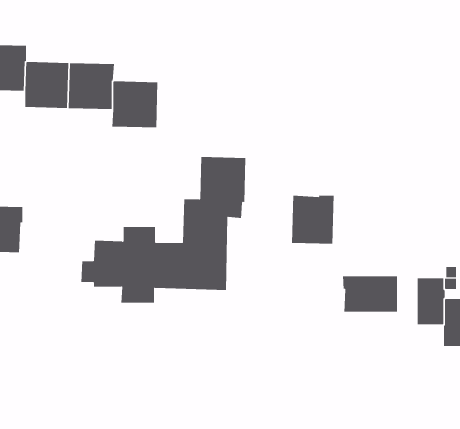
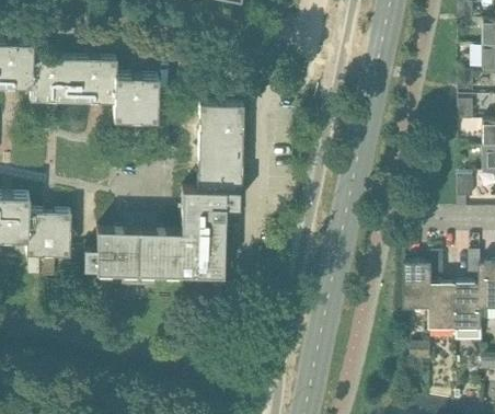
building: none -> [200,108,245,152]
building: [292,195,334,244] -> none
building: none -> [27,215,72,260]
building: [342,276,397,312] -> none

